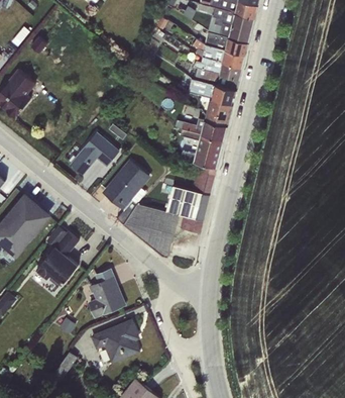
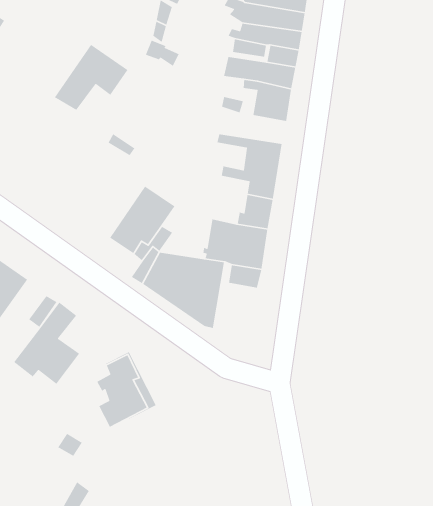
building: [175,117,227,139] -> none
building: [69,131,119,175] -> [54,44,128,111]
building: [91,318,140,364] -> none

